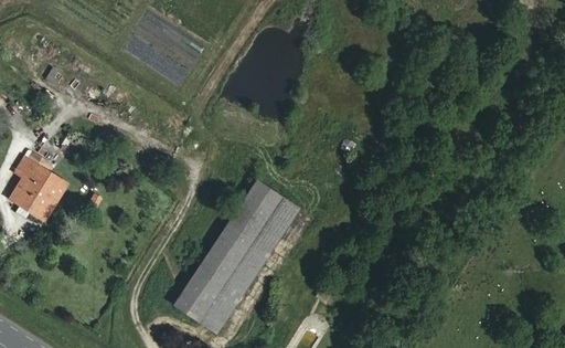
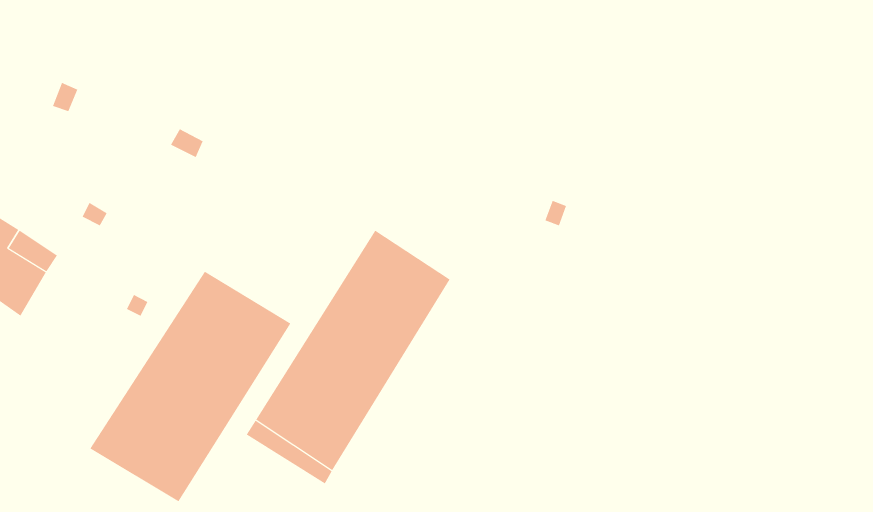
building: none -> [90,271,291,502]

